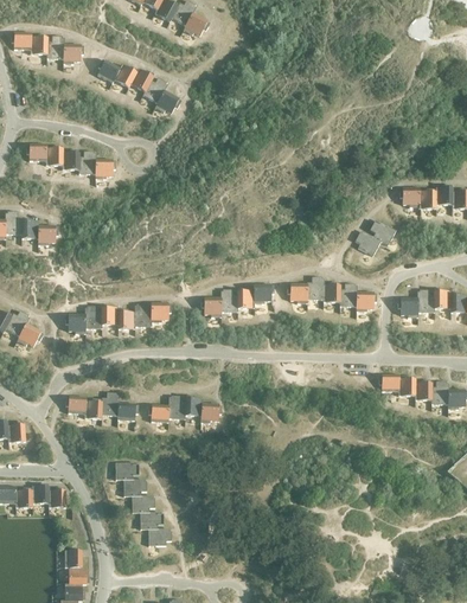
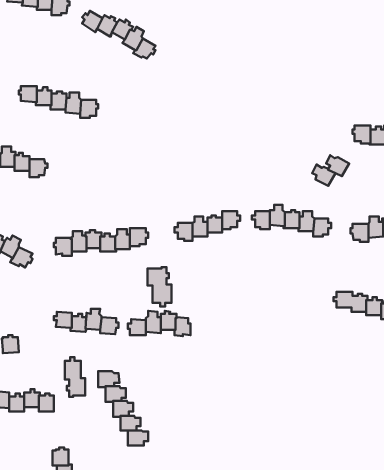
building: none -> [148,267,171,306]
building: none -> [65,357,85,397]

